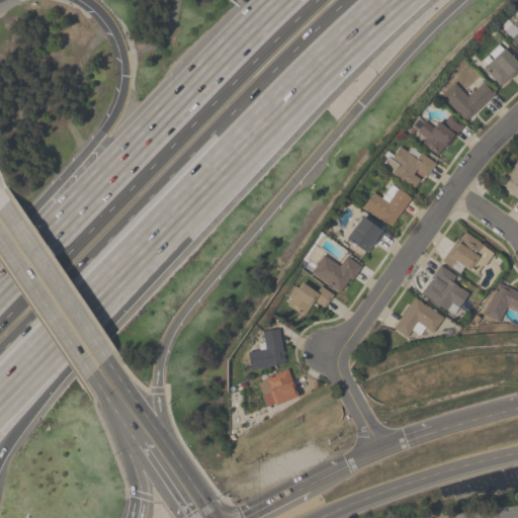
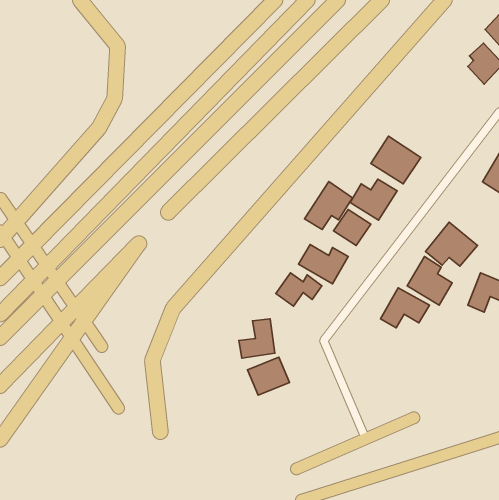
building: [440,82,495,122] -> none
building: [417,113,462,157] -> none
building: none -> [304,181,353,230]

